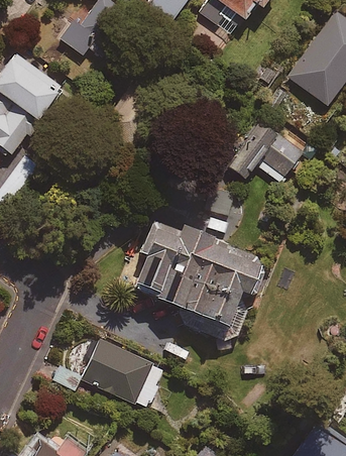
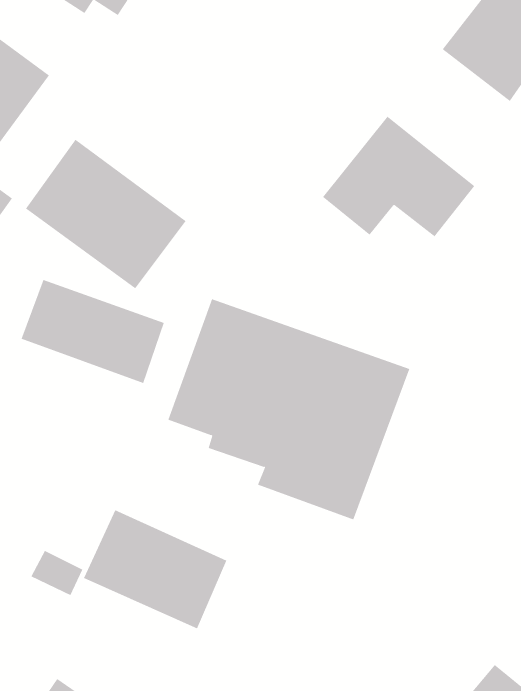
building: none -> [25,139,187,289]
building: none -> [21,279,165,384]

